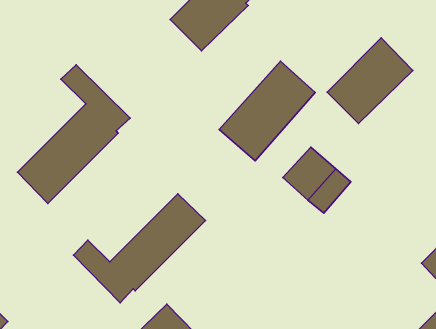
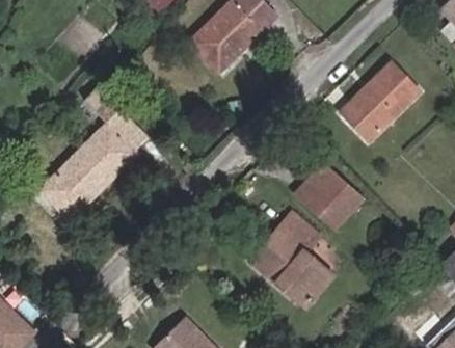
building: [219,61,315,161] -> none
building: [74,194,205,303] -> none
building: none -> [251,213,332,306]

